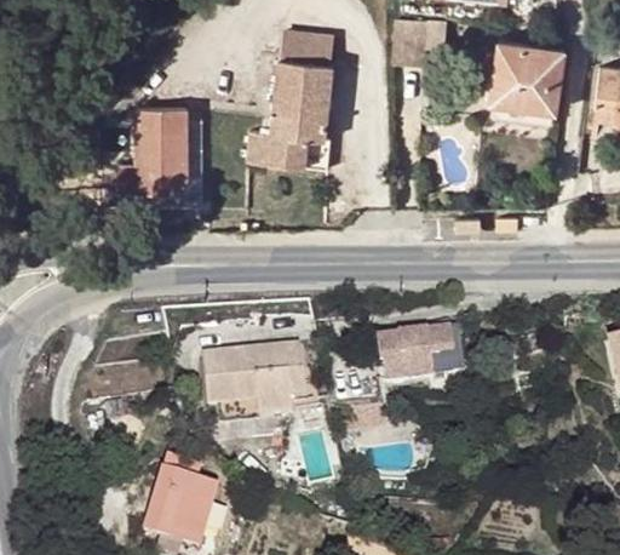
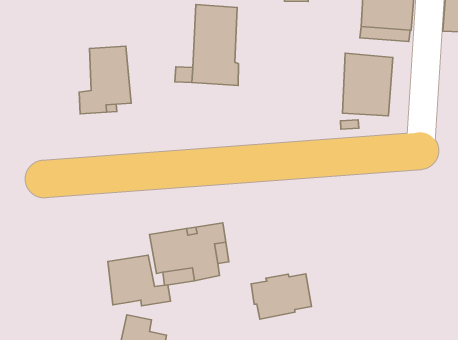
building: none -> [342,53,393,116]
building: [378,325,454,381] -> [251,274,312,319]
building: none -> [108,255,171,306]

